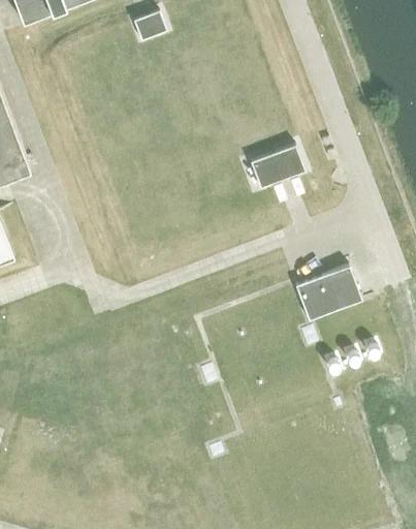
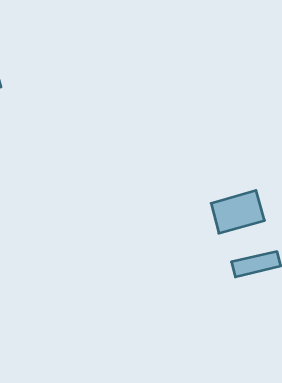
building: [247,146,301,189] -> none

